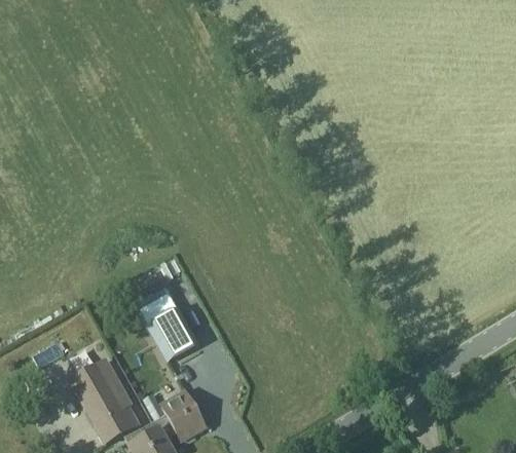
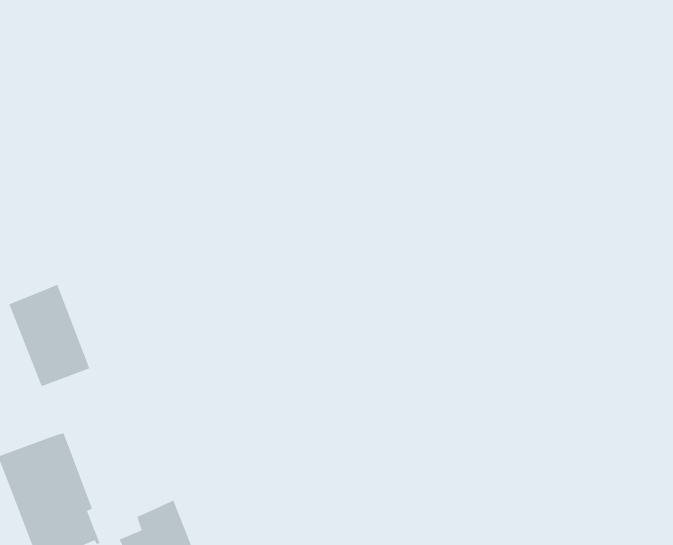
building: [138,291,196,358] -> [9,284,90,387]

